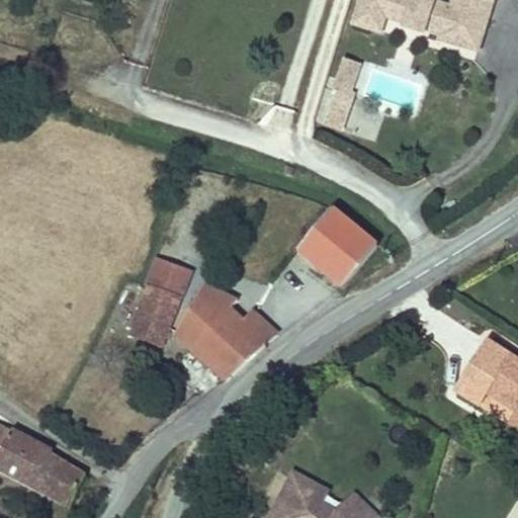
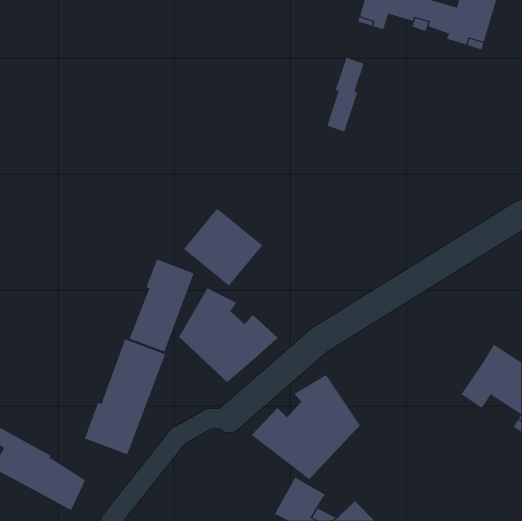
building: [297,207,376,285] -> [183,208,263,287]
building: none -> [84,338,166,455]
building: none -> [251,374,360,480]

